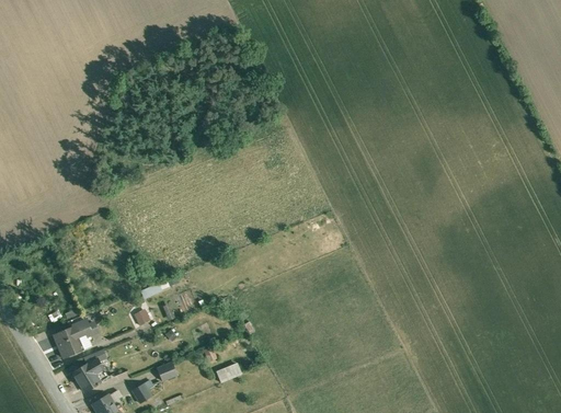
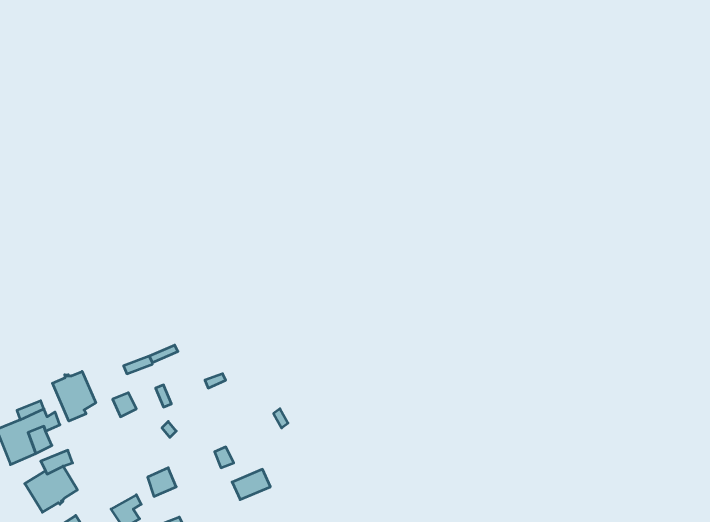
building: none -> [52,371,96,421]

